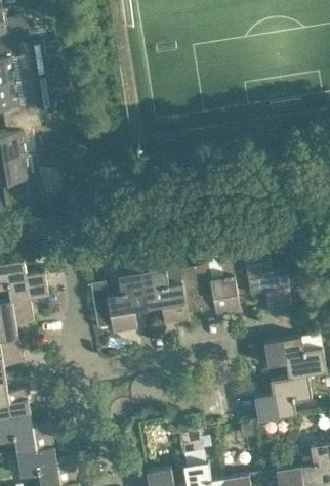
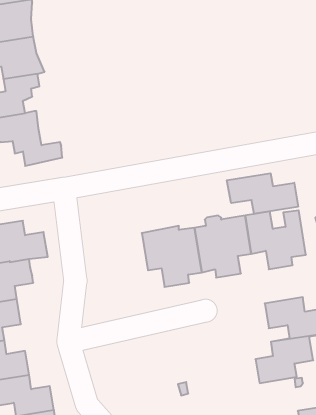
building: none -> [227,173,298,214]
building: [90,272,148,334] -> none

